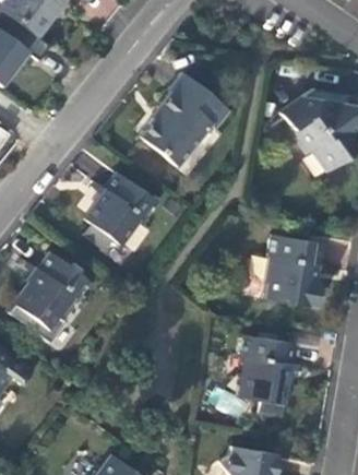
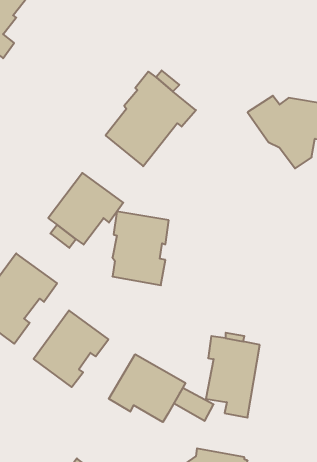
building: [267,234,323,307] -> [112,211,169,285]
building: none -> [34,310,108,387]
building: none -> [109,354,185,422]

